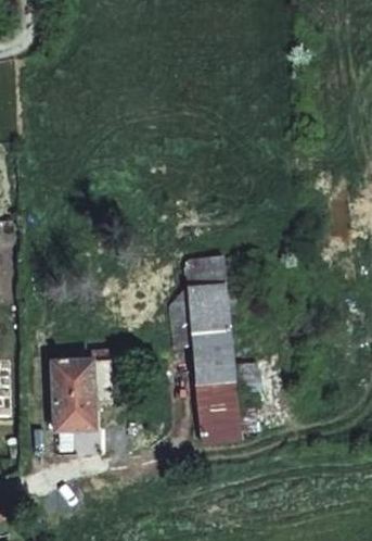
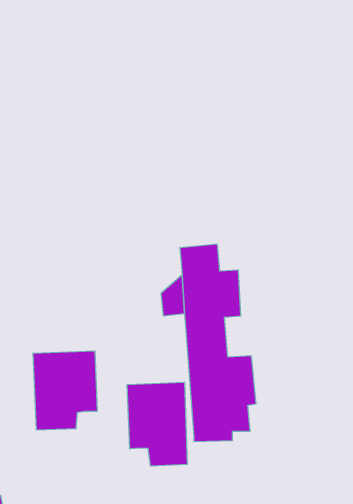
building: none -> [127,382,187,466]

